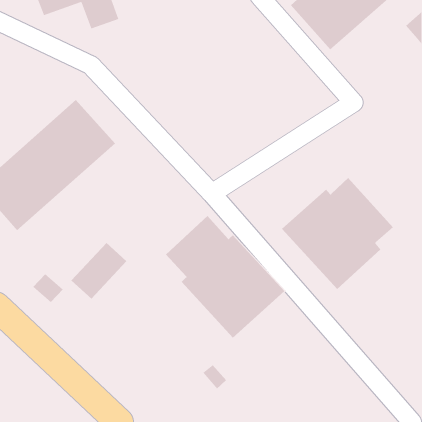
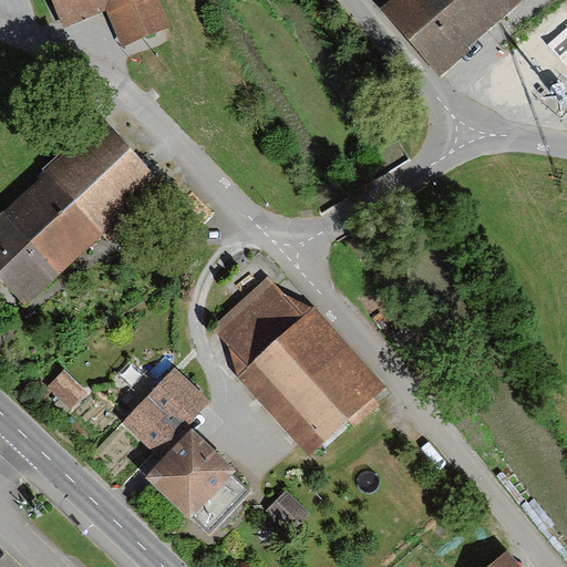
building: [281,177,394,290] -> none
building: [71,242,127,300] -> [125,374,200,451]
building: none -> [151,434,247,528]

